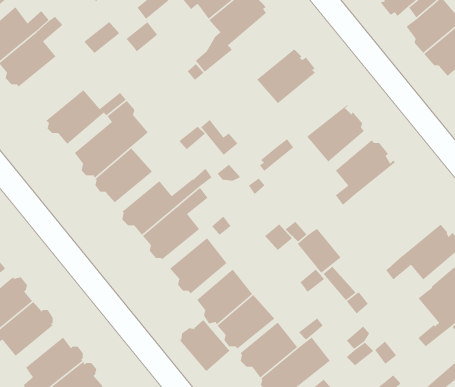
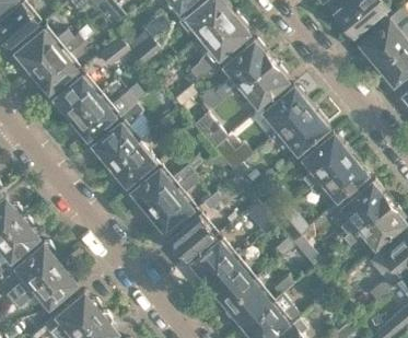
building: none -> [201,40,269,109]
building: none -> [53,74,100,119]
building: none -> [263,88,312,132]
building: none -> [318,153,365,200]
building: none -> [340,182,387,236]
building: [179,319,231,372] -> none

